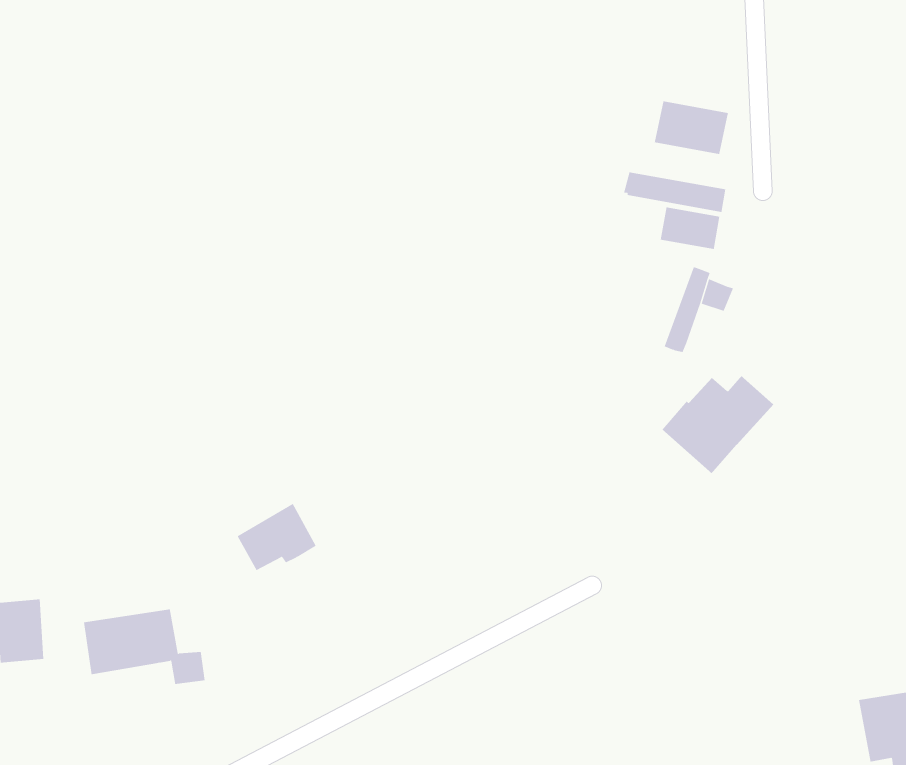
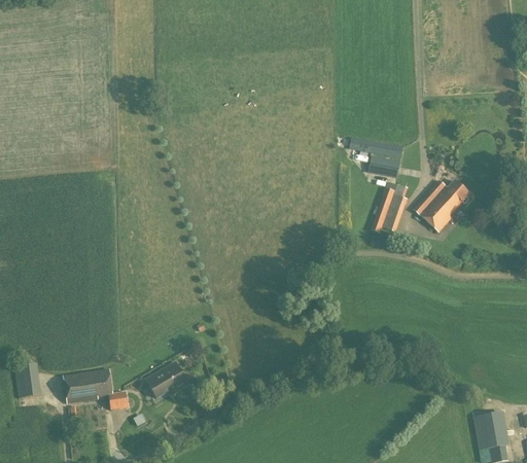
building: [654,100,728,155] -> none
building: [661,375,774,474] -> [413,180,472,233]
building: [237,503,316,571] -> [146,361,188,397]

